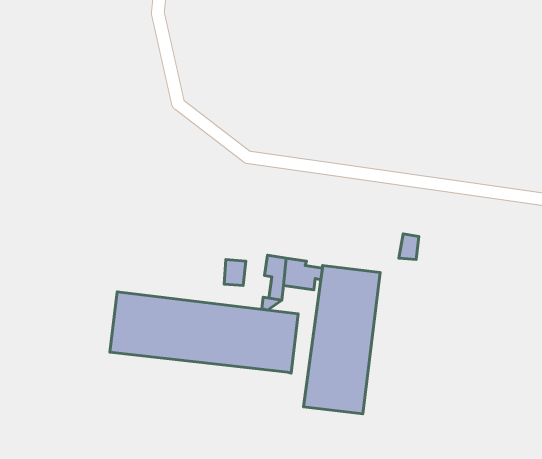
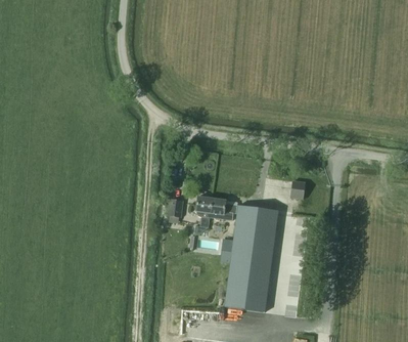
building: [110,292,298,373] -> none

